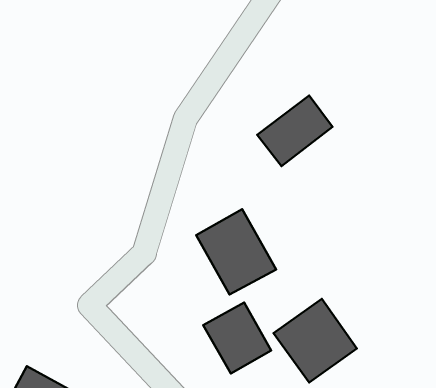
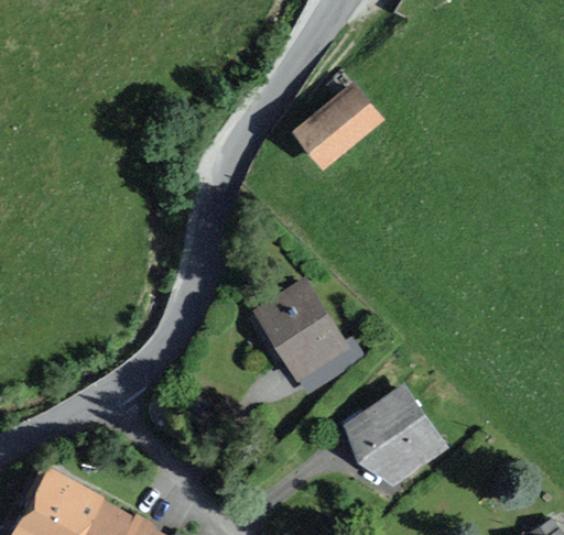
building: [257,95,333,166] -> [290,84,382,171]
building: [203,302,271,374] -> none

